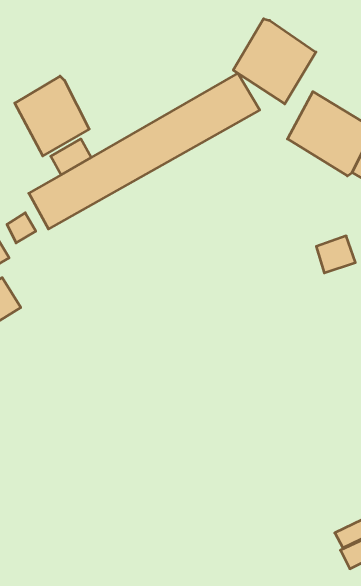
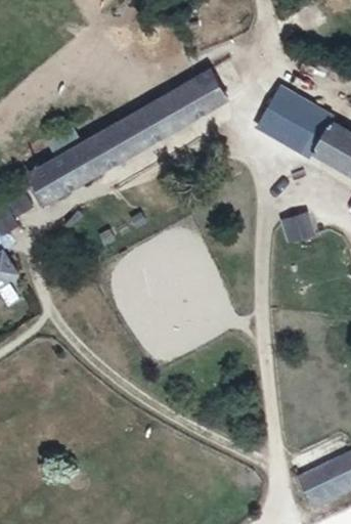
building: [233,19,316,104] -> none
building: [15,76,89,156] -> none

